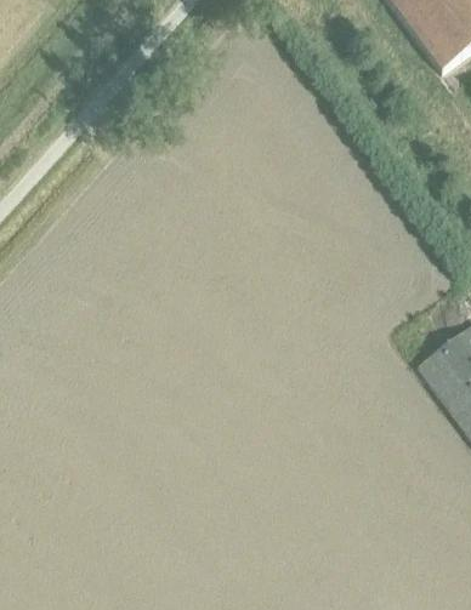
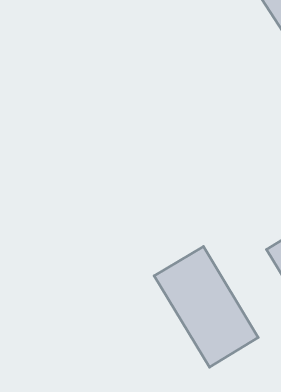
building: none -> [154,246,258,367]

